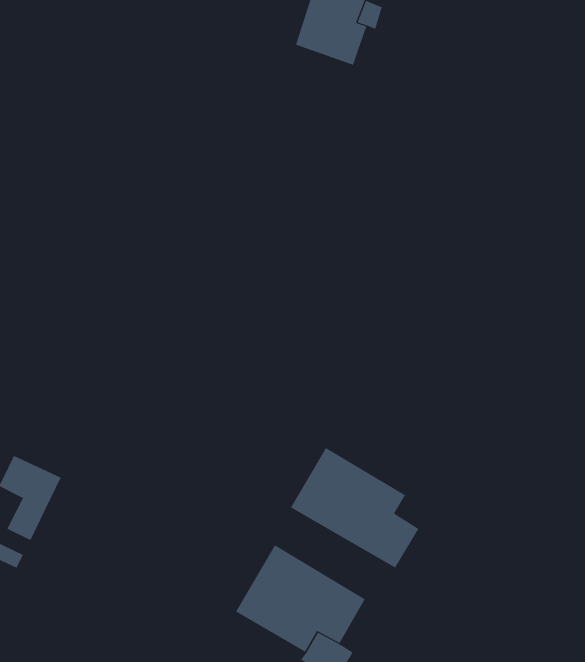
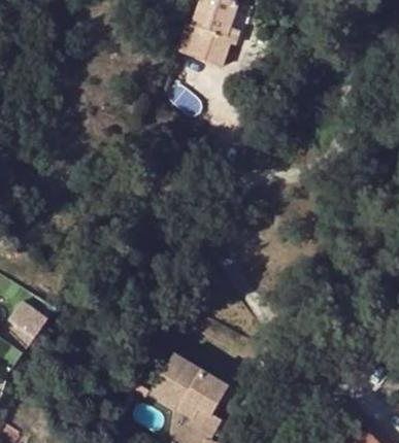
building: [290,447,419,568] -> none

